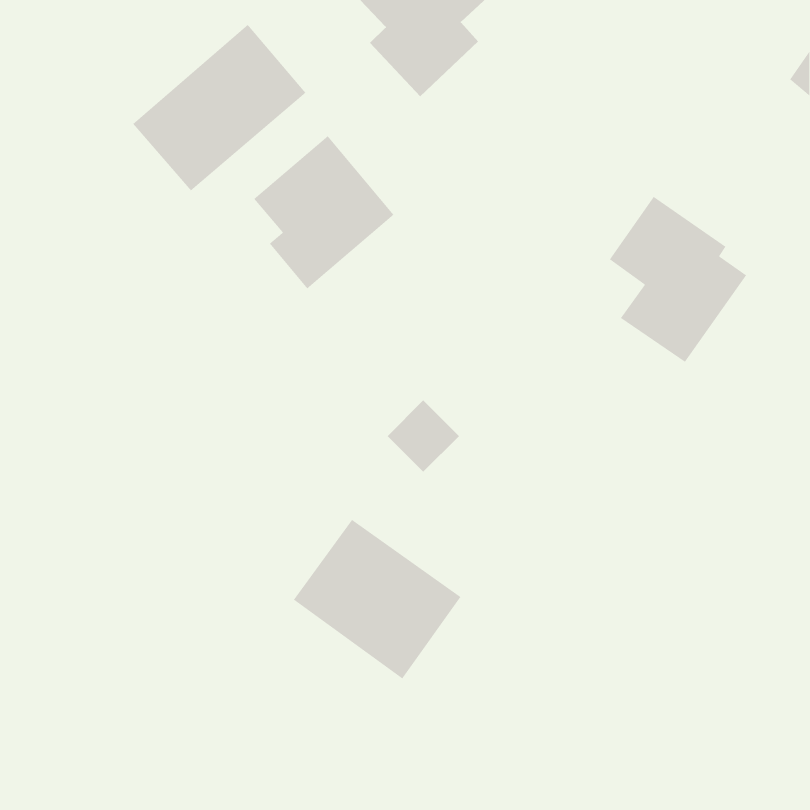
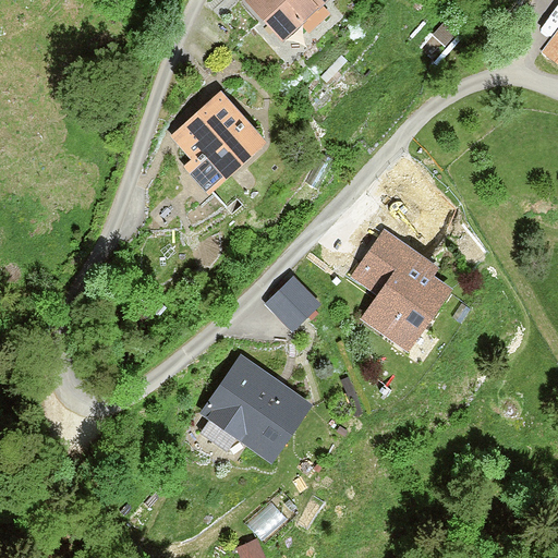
building: [132,24,307,191] -> none
building: [609,196,747,363] -> [352,228,447,342]

